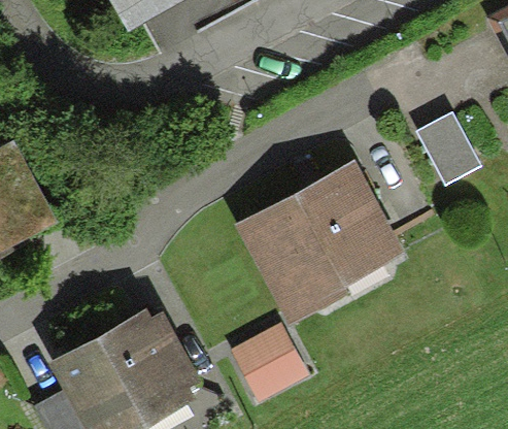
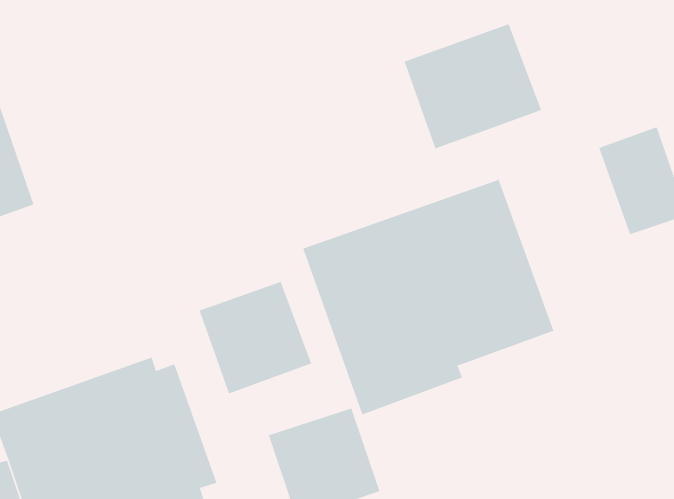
building: none -> [403,23,542,150]
building: none -> [199,281,312,395]

